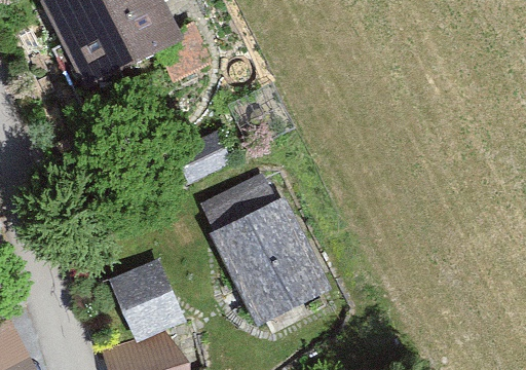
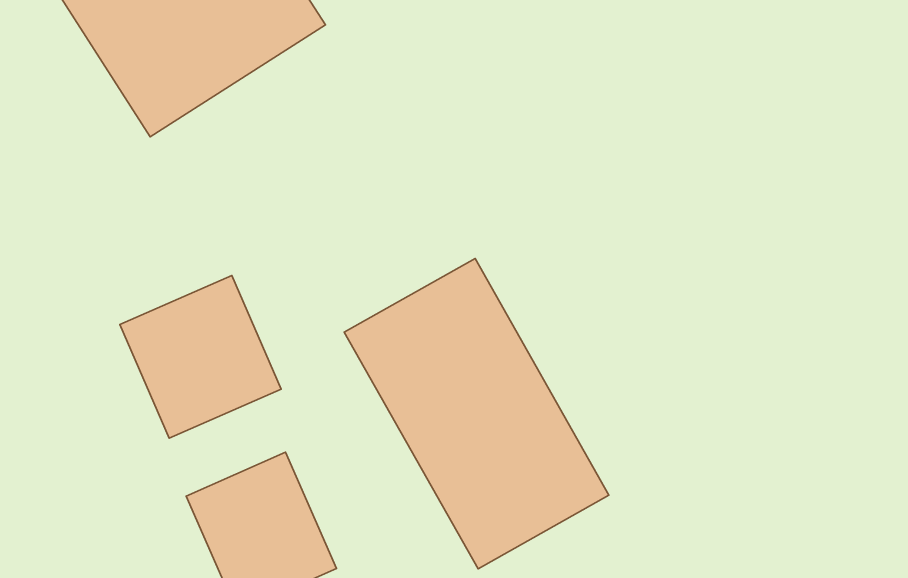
building: none -> [120,276,281,438]

